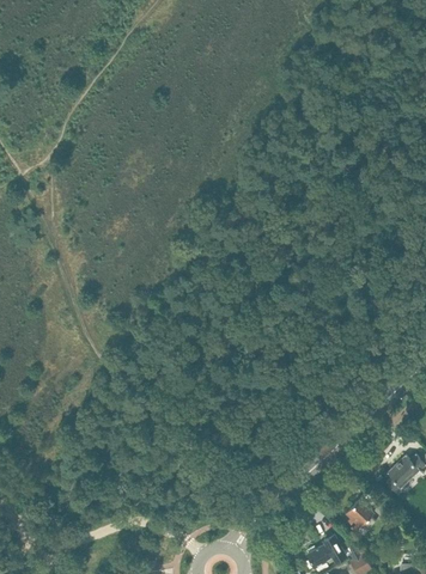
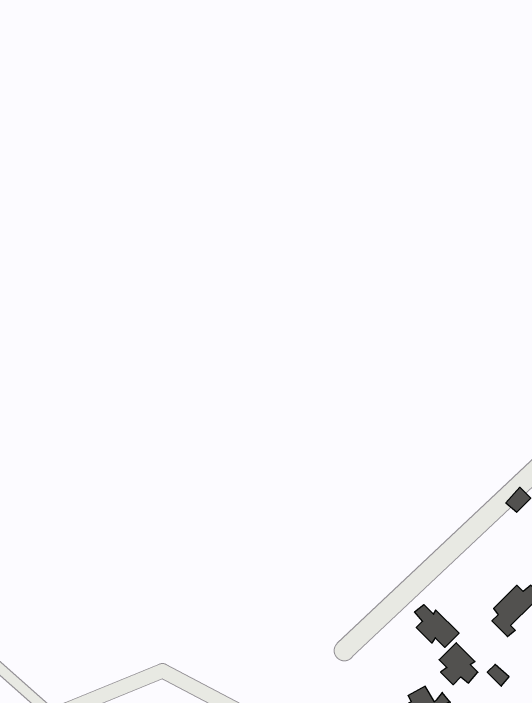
building: none -> [415,605,459,647]

